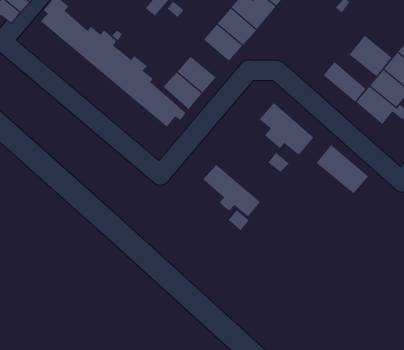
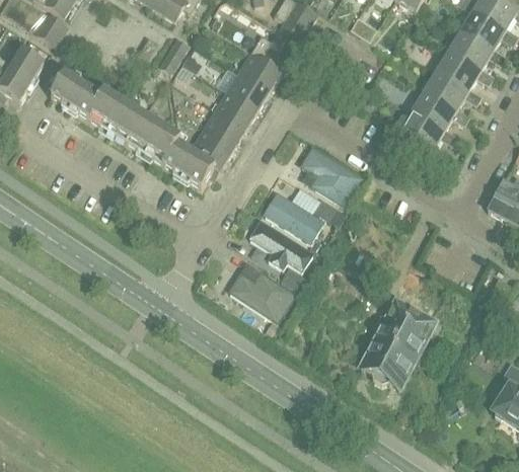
building: [349,35,392,77] -> none
building: none -> [215,89,257,128]
building: [323,61,366,102] -> none
building: [316,144,369,194] -> [263,190,321,240]
building: none -> [226,270,292,320]
building: none -> [360,300,436,388]

